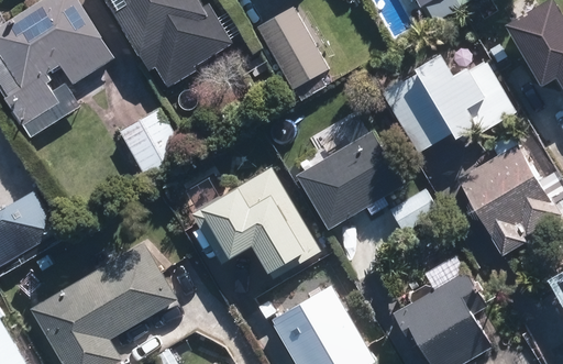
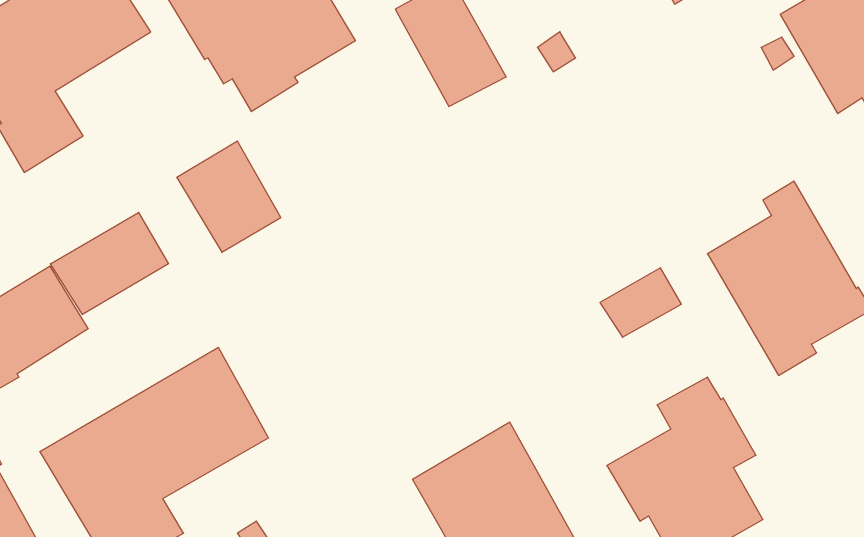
building: [382,57,516,155] -> none
building: [295,131,404,232] -> none
building: none -> [50,212,169,315]
building: [189,169,318,280] -> none

